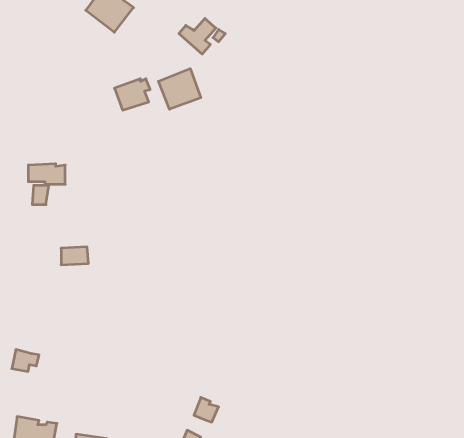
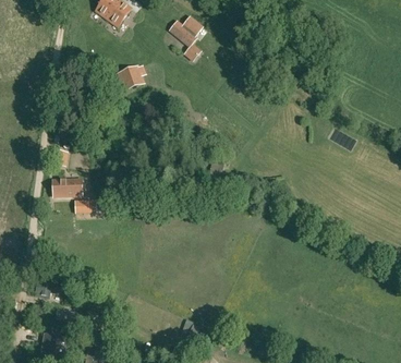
building: [158,69,201,109] -> none
building: [28,164,65,184] -> [52,179,82,195]

